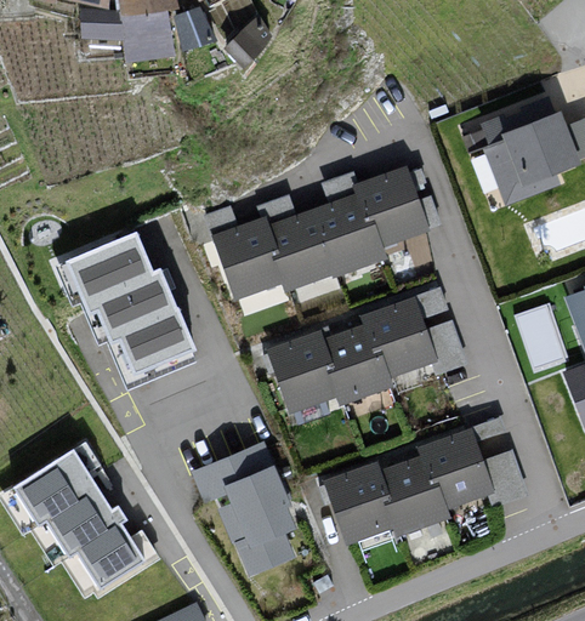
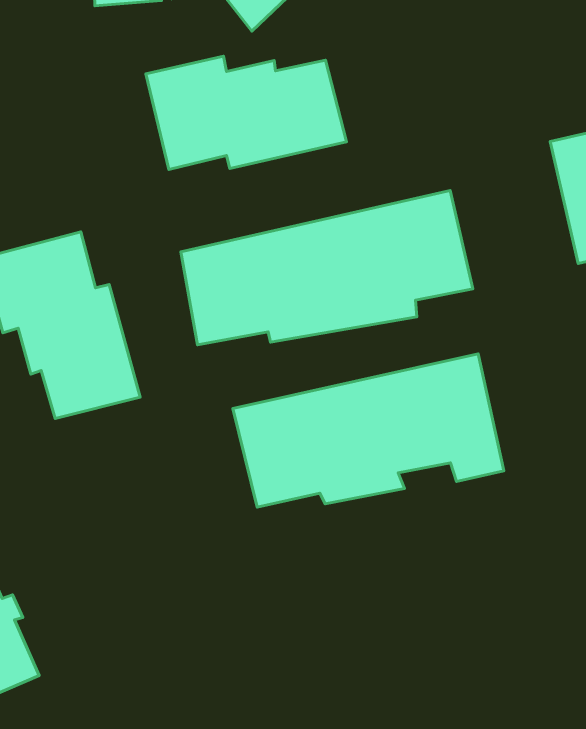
building: none -> [146,56,347,169]
building: [318,411,532,549] -> none
building: [192,440,296,575] -> none

